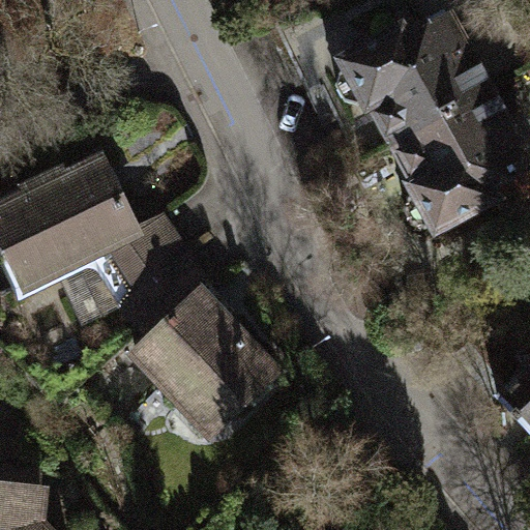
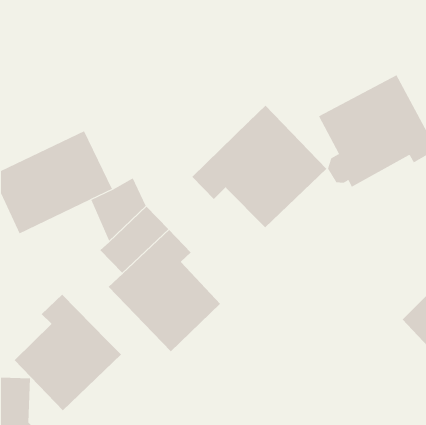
building: [338,22,493,147] -> none
building: none -> [192,105,327,228]
building: none -> [14,294,122,411]

